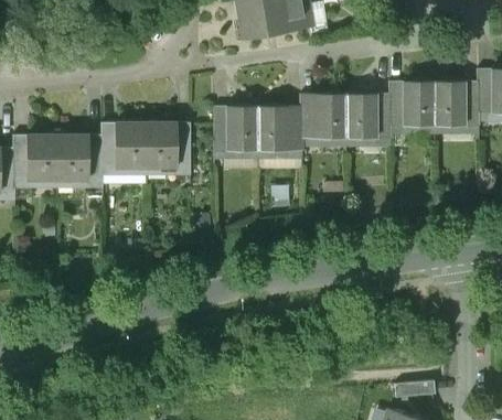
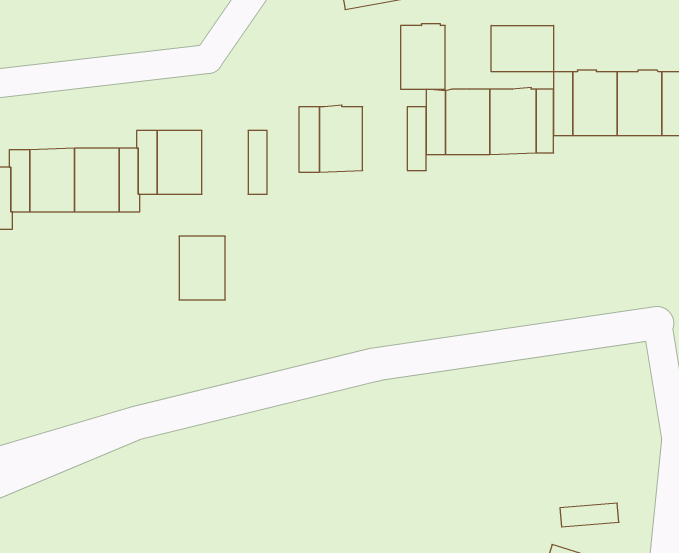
building: none -> [491,25,554,72]
building: [256,106,287,151] -> [401,24,445,89]
building: [145,123,177,168] -> [179,236,225,300]

